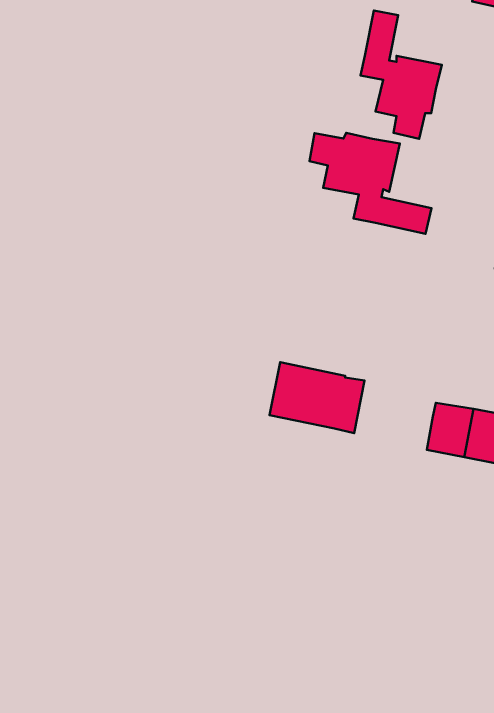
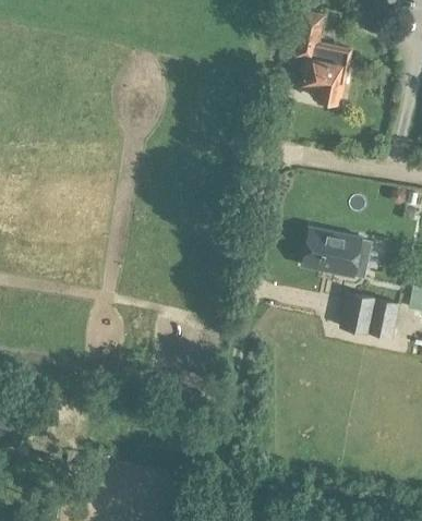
building: [310,133,432,234] -> none
building: [270,362,365,433] -> [302,228,371,279]

